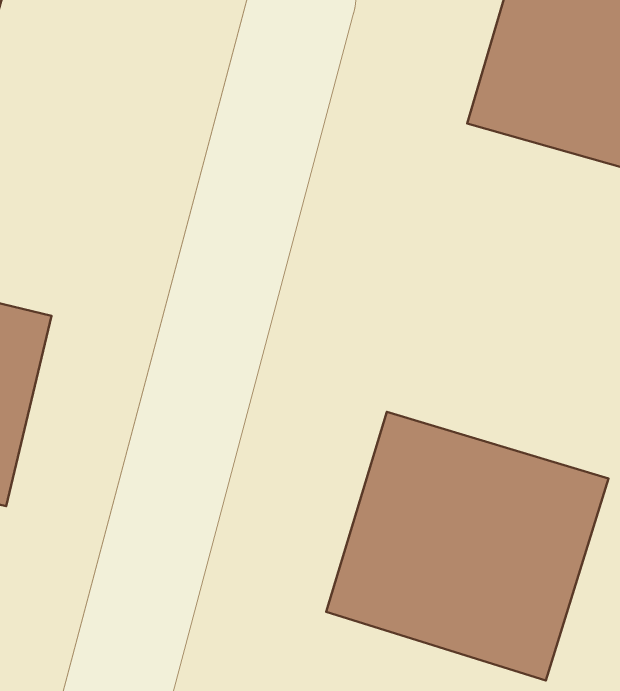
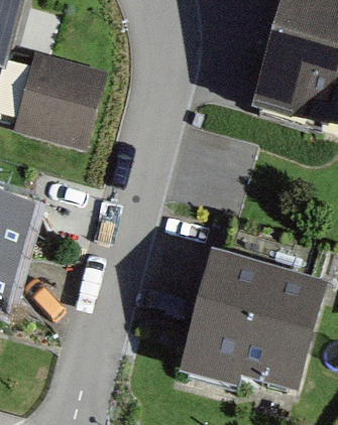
building: none -> [21,52,104,140]

